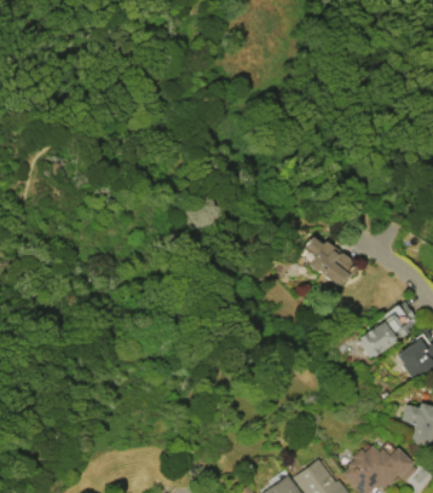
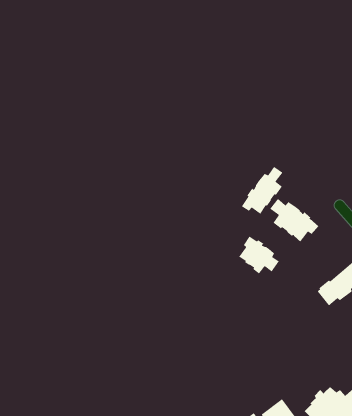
building: none -> [241,166,283,215]
building: none -> [238,236,280,274]

